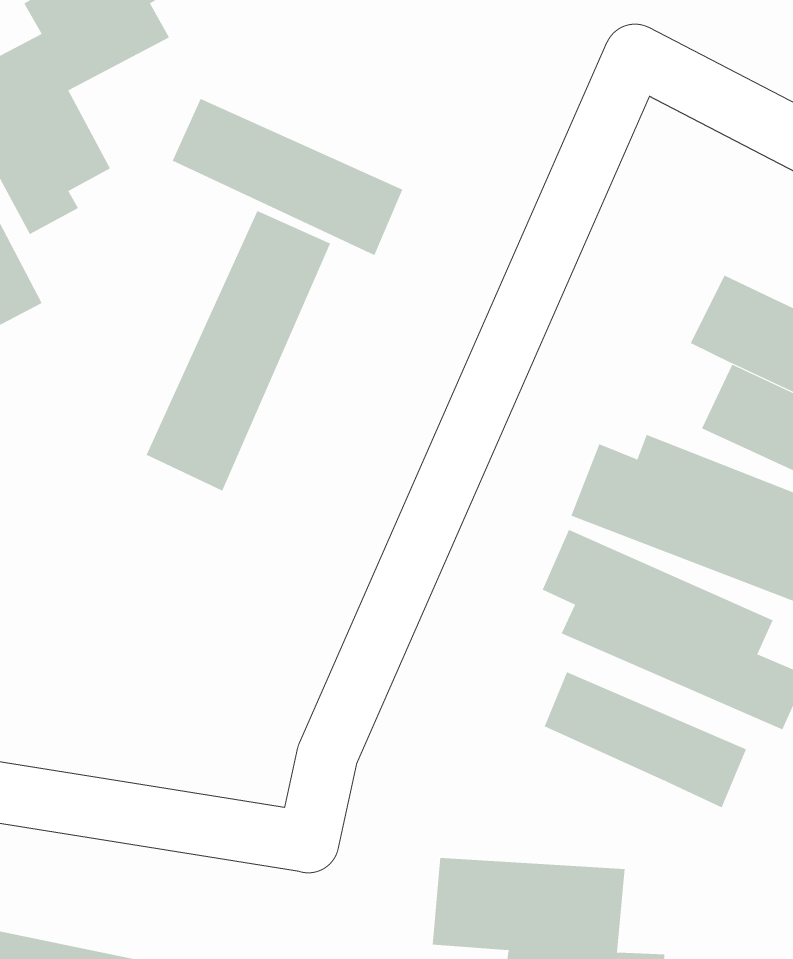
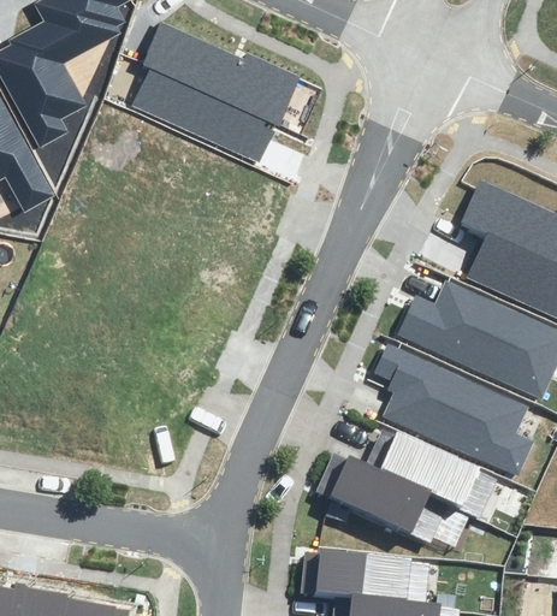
building: none -> [144,24,301,125]
building: [146,210,331,491] -> none
building: none -> [316,450,445,539]

